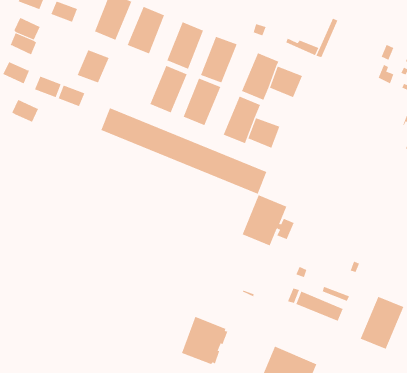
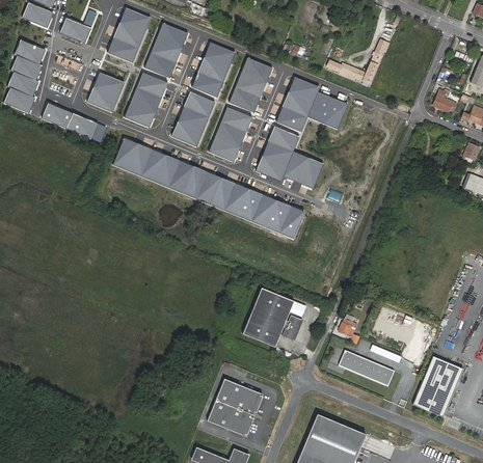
building: none -> [126,73,169,128]
building: [12,99,39,123] -> [7,69,38,96]
building: [242,195,295,246] -> [242,287,302,346]

